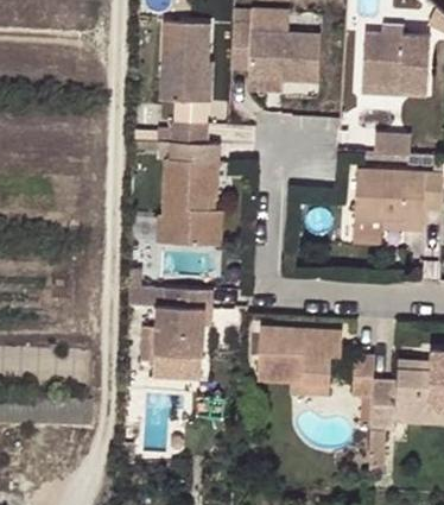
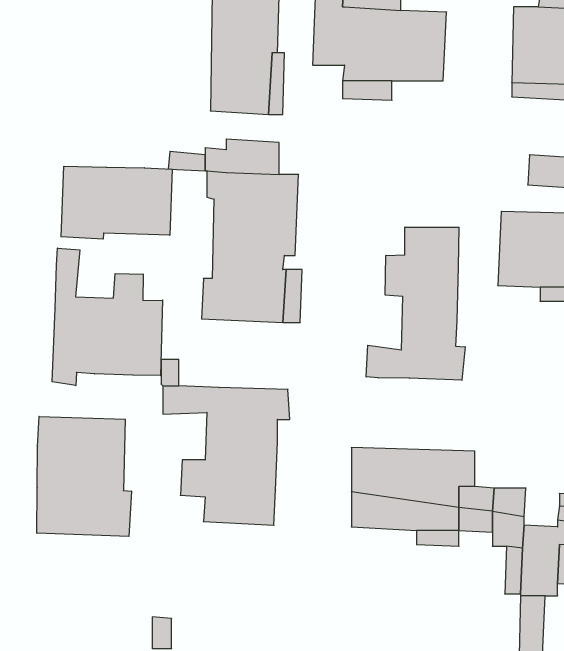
building: none -> [61,166,172,239]
building: none -> [366,227,465,380]
building: none -> [52,248,163,386]
building: none -> [37,416,131,536]

